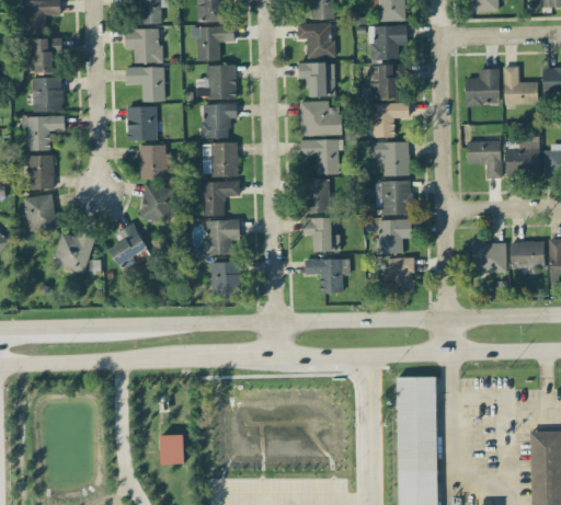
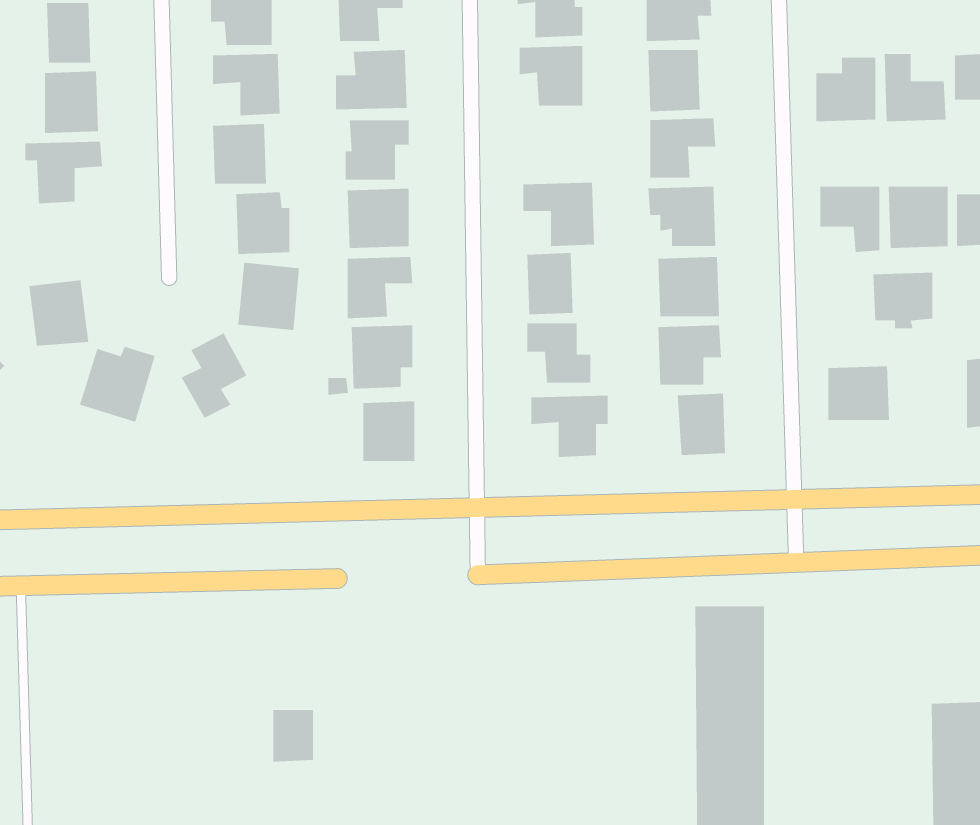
building: [300,101,342,136] -> none
building: [27,154,54,190] -> none
building: [511,241,545,273] -> [873,272,933,329]

